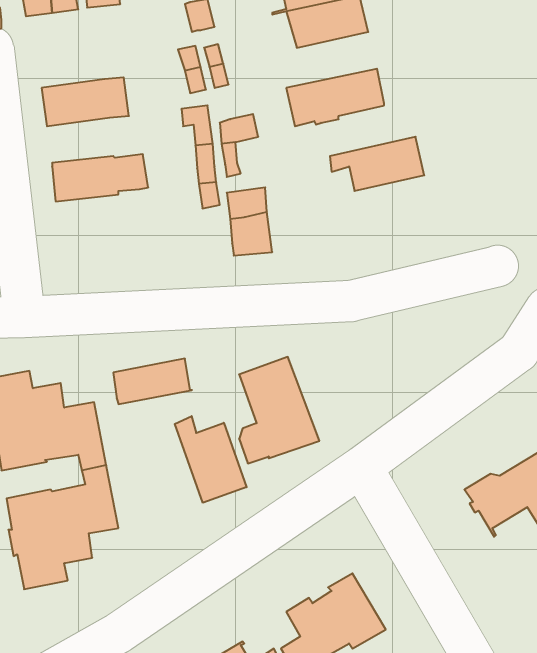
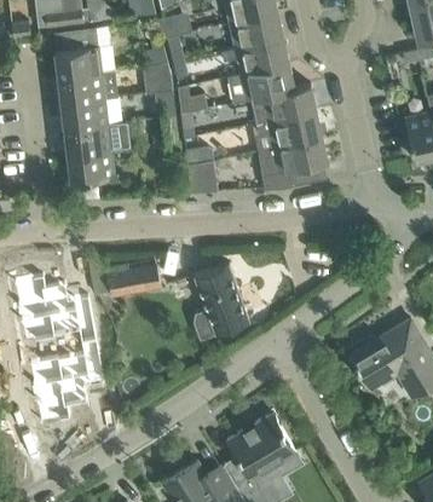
building: none -> [52,28,114,77]
building: none -> [220,39,289,77]
building: none -> [250,85,316,125]
building: none -> [60,98,106,129]
building: none -> [261,138,327,189]
building: none -> [67,151,114,200]
building: [175,416,247,503] -> none

